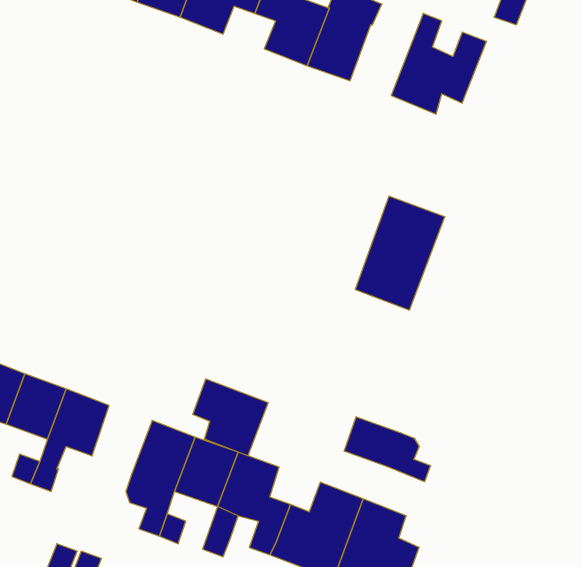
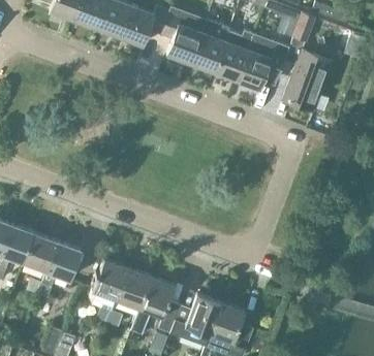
building: none -> [214,31,254,80]
building: [355,196,445,310] -> [283,48,333,111]
building: [193,379,268,456] -> none
building: [344,417,430,482] -> none

